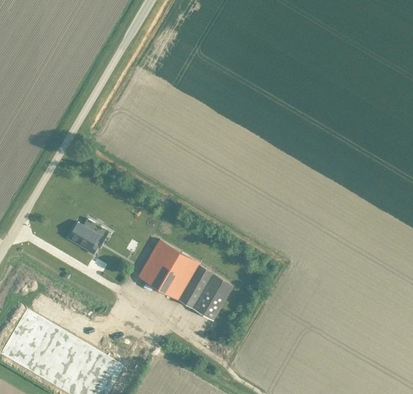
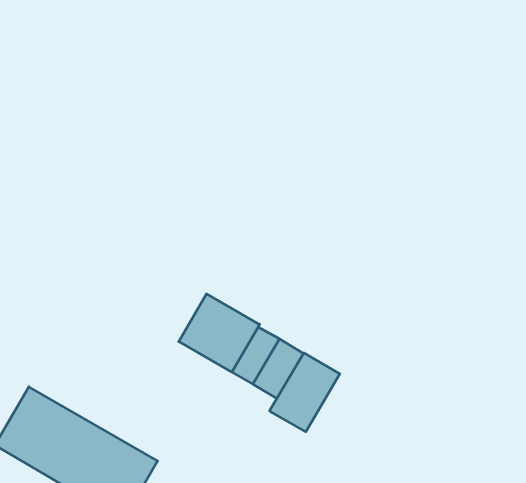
building: [68,222,99,254] -> none
building: none -> [270,353,340,432]

